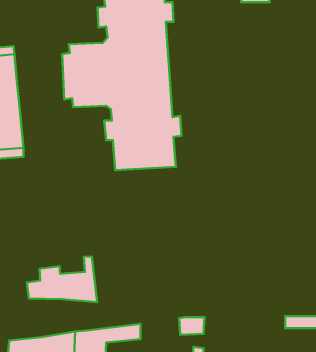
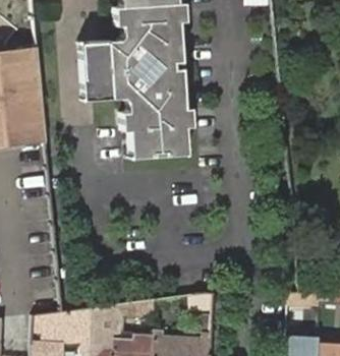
building: [27,256,97,302] -> none

